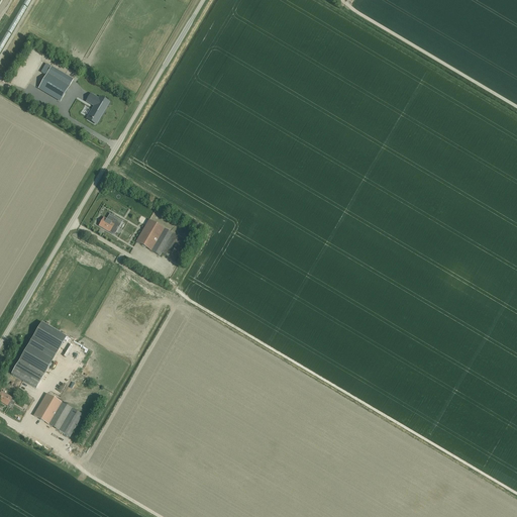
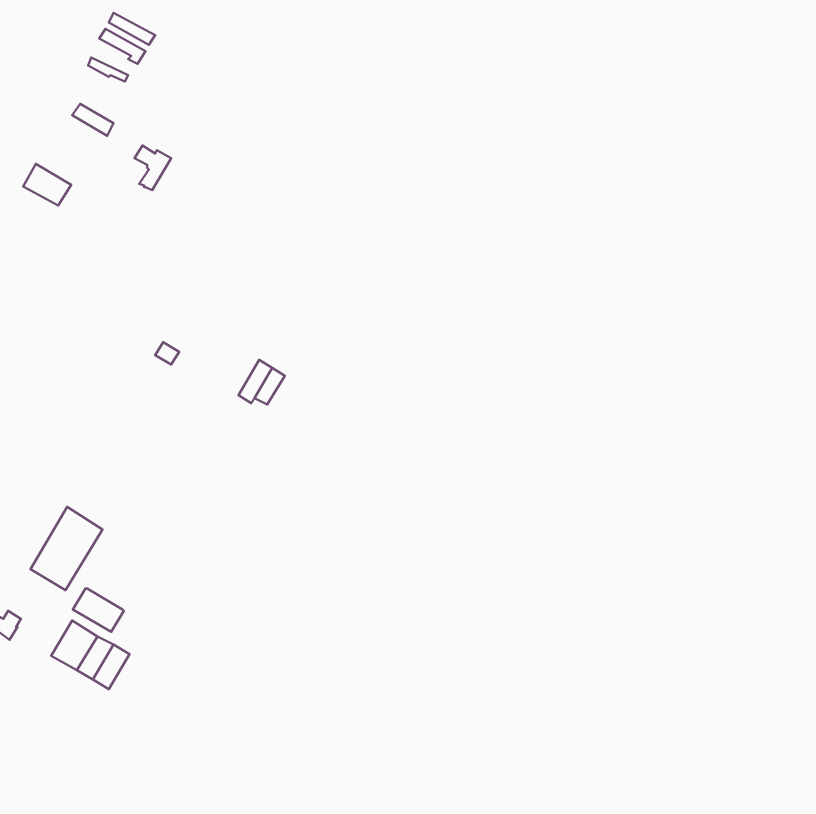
building: [37,73,68,99] -> [23,164,71,206]
building: [135,214,164,249] -> none
building: [10,359,42,387] -> [73,589,124,632]

